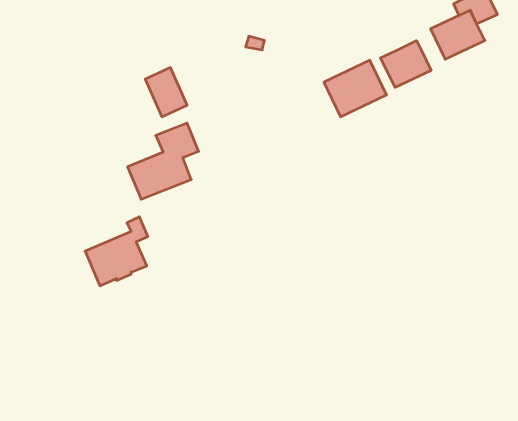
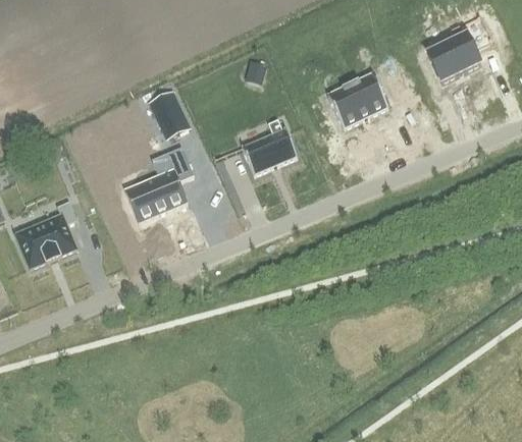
building: [381,41,431,87] -> none
building: none -> [242,115,297,171]
building: [85,217,148,286] -> [15,198,76,265]

